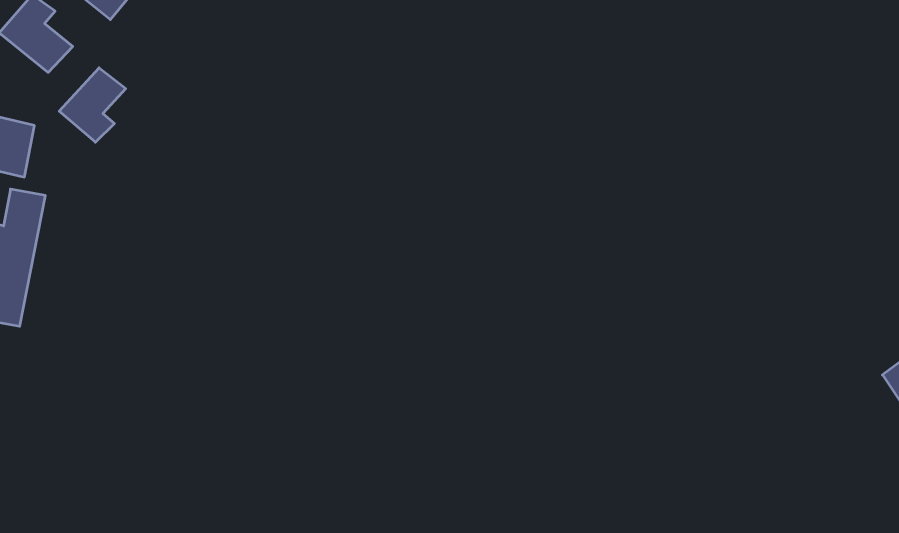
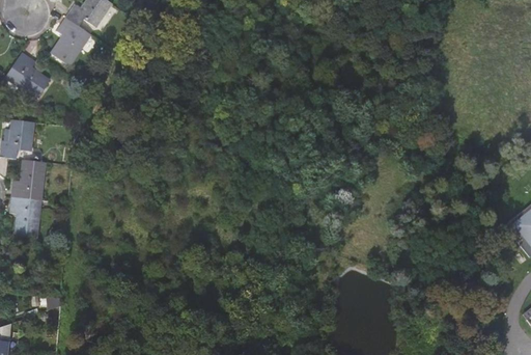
building: [59,68,126,142] -> none

